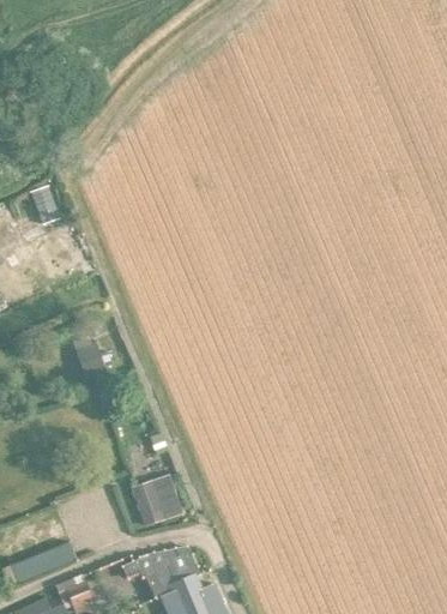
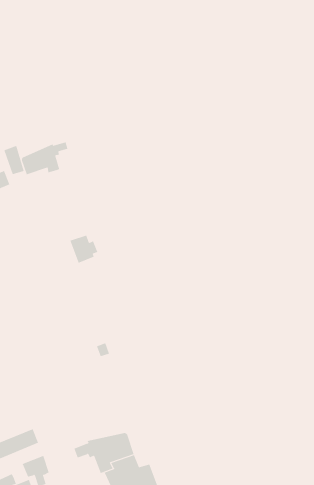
building: none -> [21,141,68,175]
building: [74,343,110,379] -> [70,235,98,264]
building: [129,474,182,526] -> none

